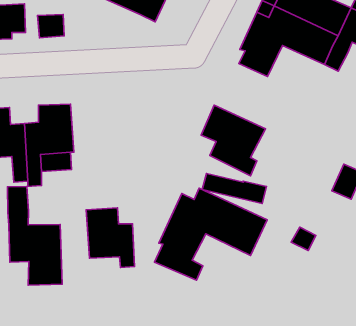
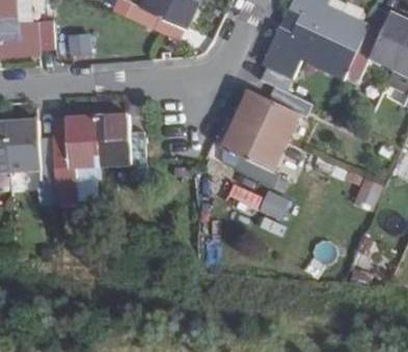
building: none -> [237,83,311,141]
building: [8,186,62,285] -> none
building: [155,188,267,280] -> none
building: [86,208,135,268] -> [98,115,144,173]

